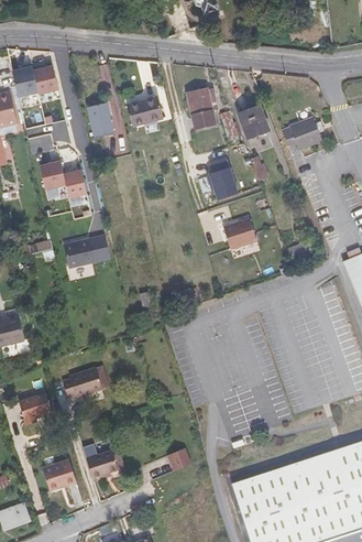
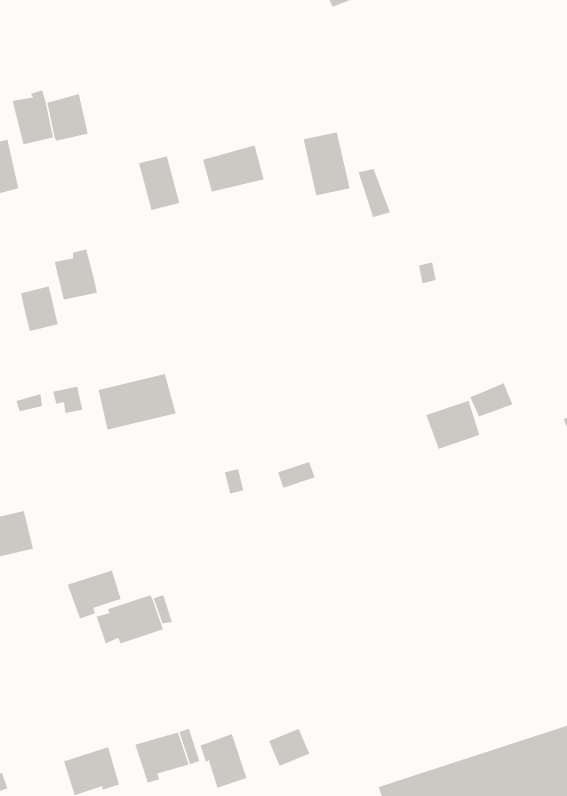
building: [240,106,267,137] -> none
building: [283,117,322,149] -> none
building: [208,155,238,197] -> none
building: [62,171,85,198] -> [20,286,59,332]
building: [221,218,254,248] -> [425,400,480,450]
building: [19,392,52,422] -> [67,570,122,619]
building: none -> [200,733,247,789]

